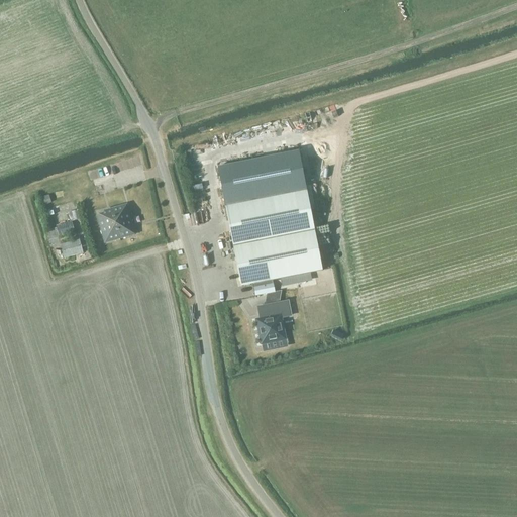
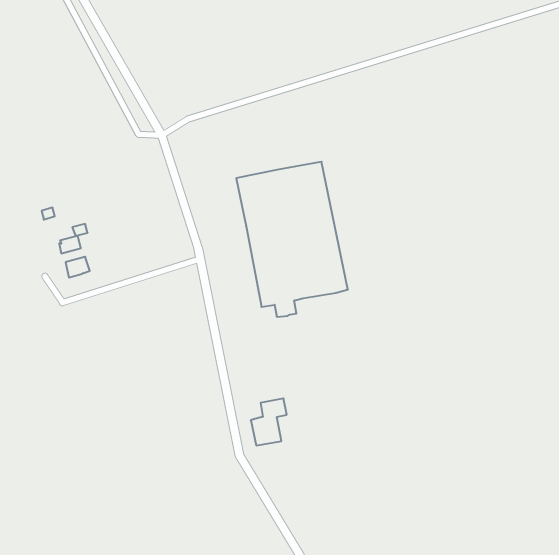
building: [96,201,136,240] -> none
building: [256,298,290,341] -> [251,398,287,445]

